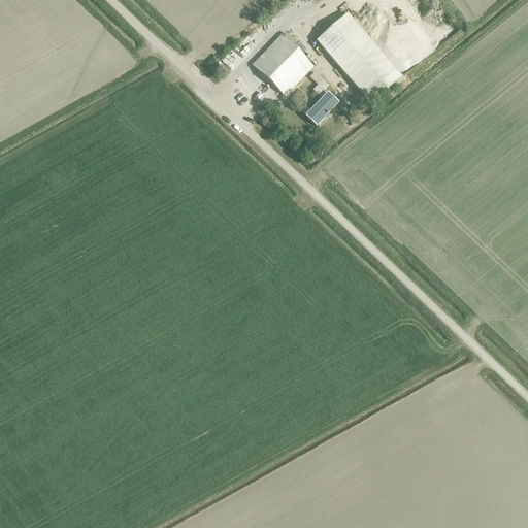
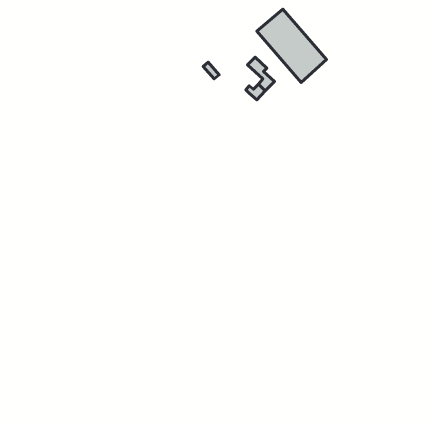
building: [253,33,315,94] -> none

